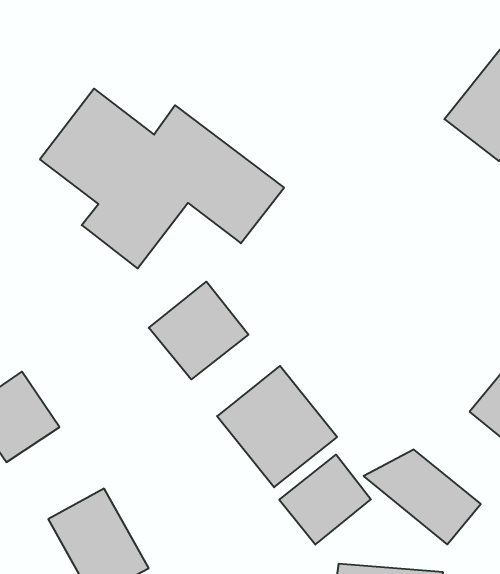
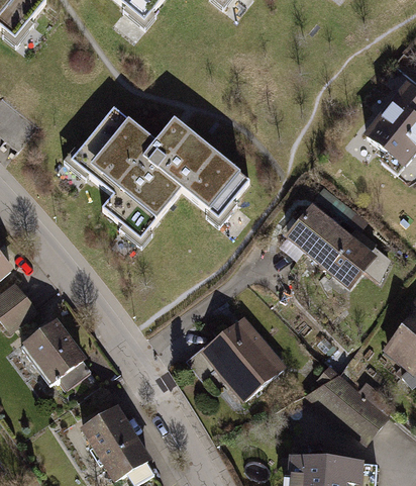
building: none -> [283,200,382,288]
building: [149,282,248,379] -> none
building: [279,455,371,545] -> none

